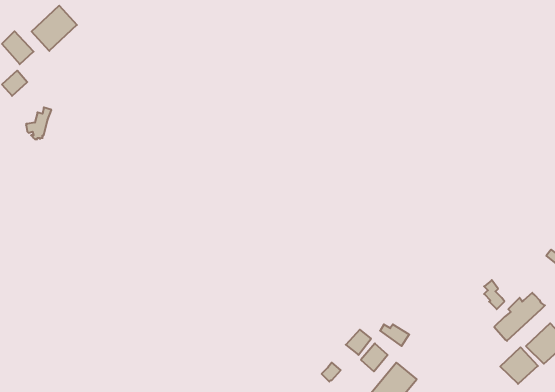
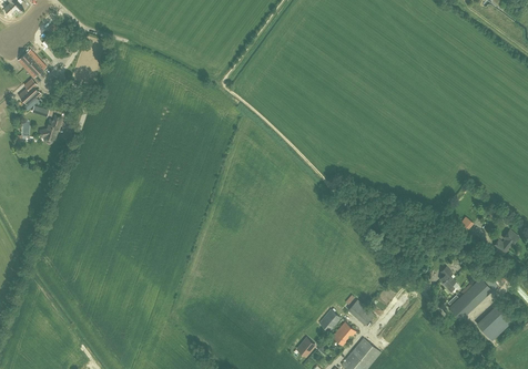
building: [32,6,77,51] -> none
building: [500,347,538,384] -> none

